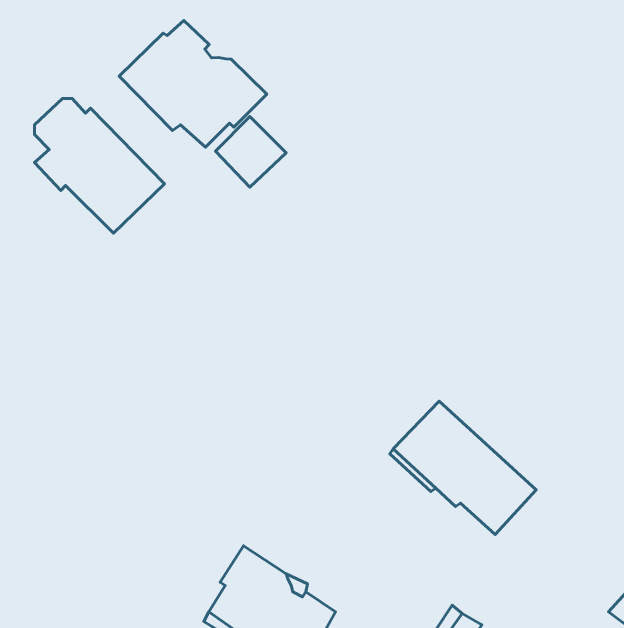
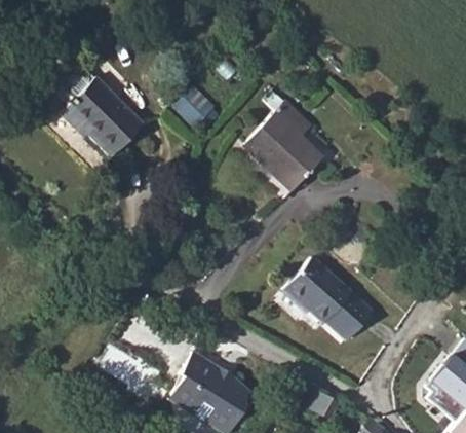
building: [119,21,267,147] -> none
building: none -> [247,105,325,180]

